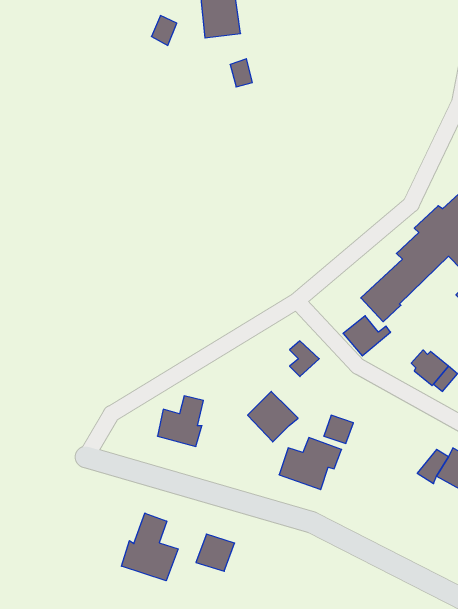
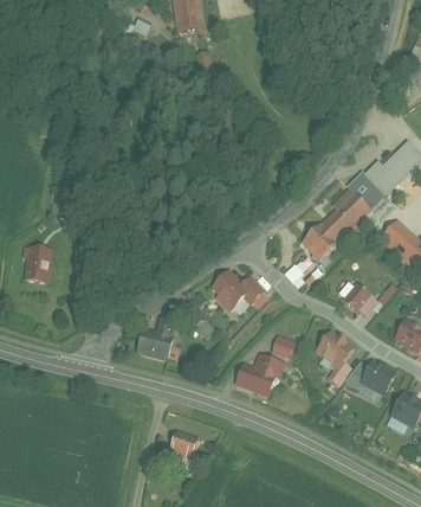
building: none -> [24,246,52,282]
building: [248,391,298,442] -> [209,268,250,308]
building: none -> [315,329,354,368]
building: [121,513,178,581] -> none

